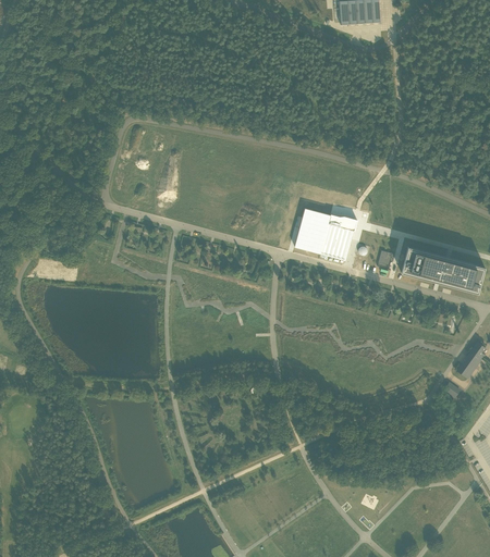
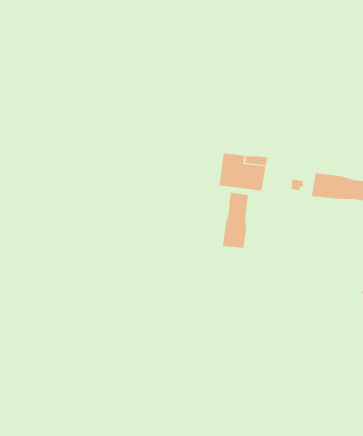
building: none -> [222,192,249,248]

